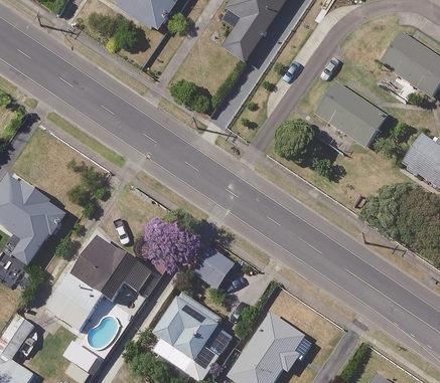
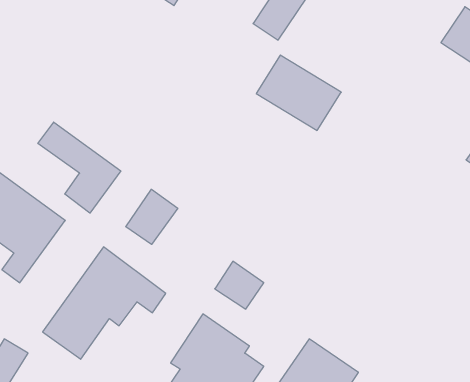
building: [315,83,387,147] -> [256,55,341,130]
building: none -> [38,122,121,213]
building: none -> [126,189,178,244]

